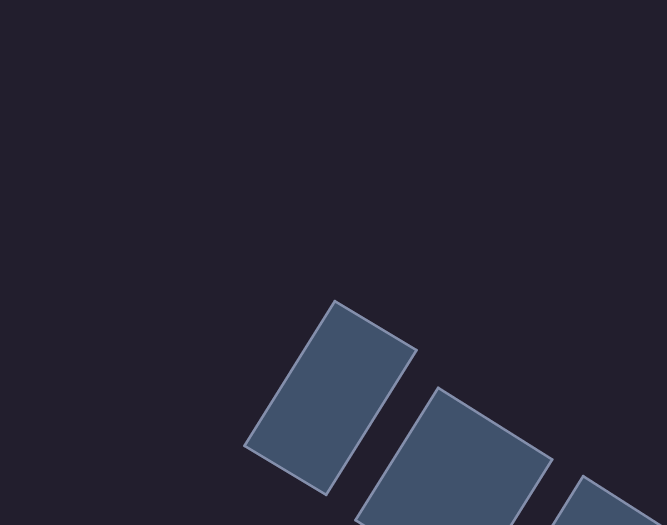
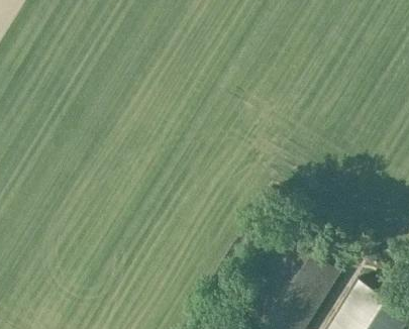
building: [244,301,416,495] -> none

